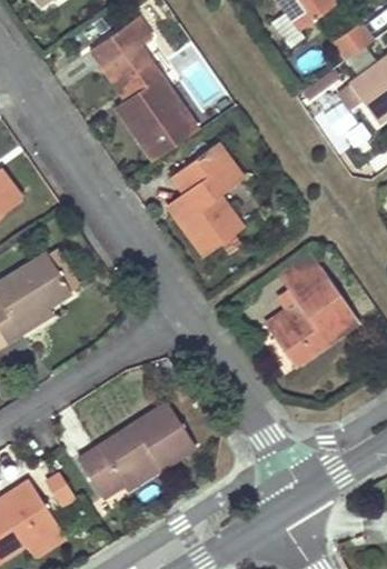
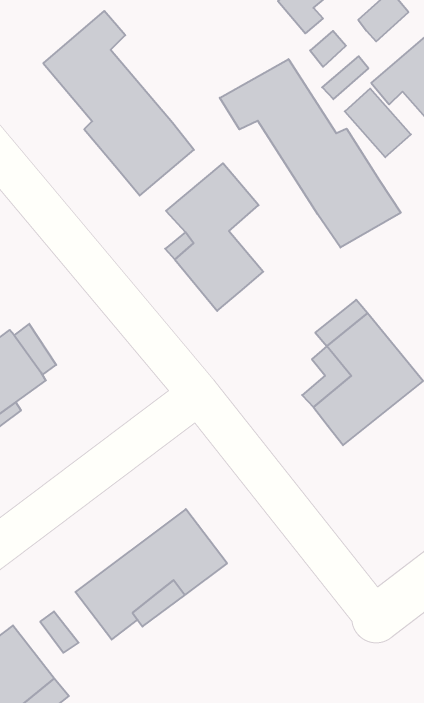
building: none -> [220,59,401,248]

